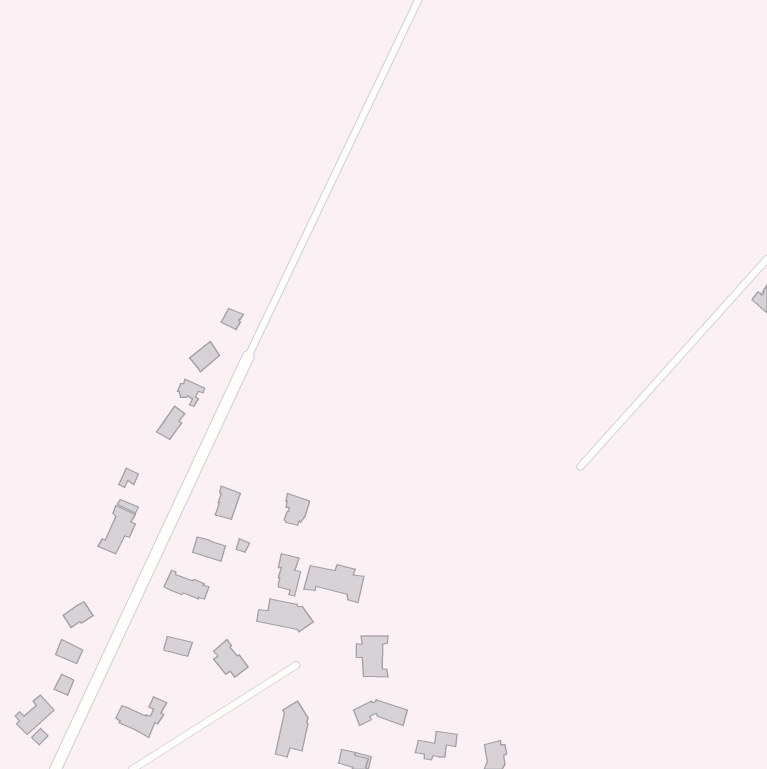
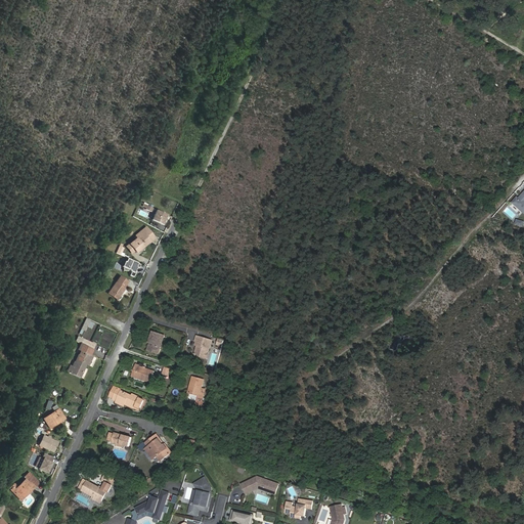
building: [304,565,364,603] -> none
building: [257,599,313,632] -> none
building: [357,636,388,677] -> none
building: none -> [135,490,168,519]

